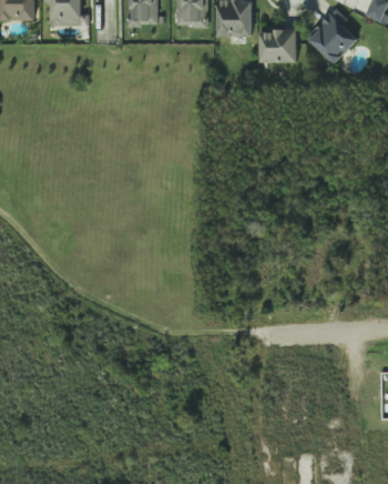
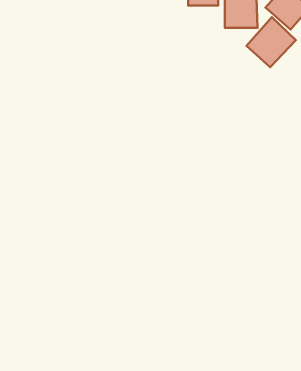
building: none -> [246,17,296,67]

